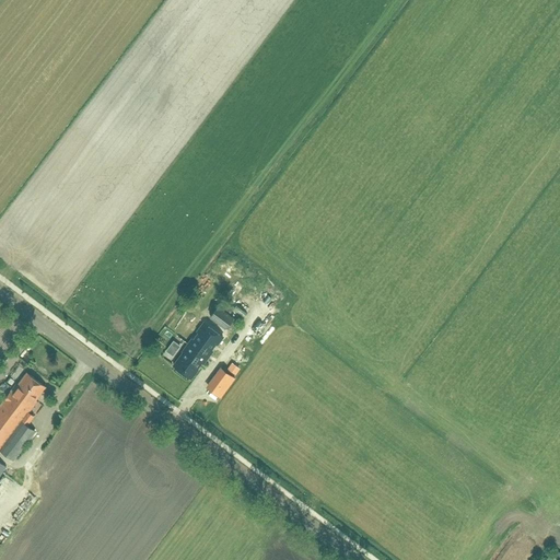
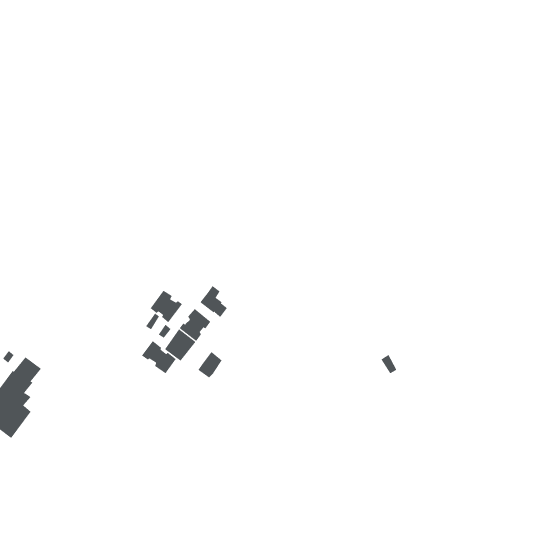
building: none -> [150,290,183,323]
building: none -> [141,340,176,374]

